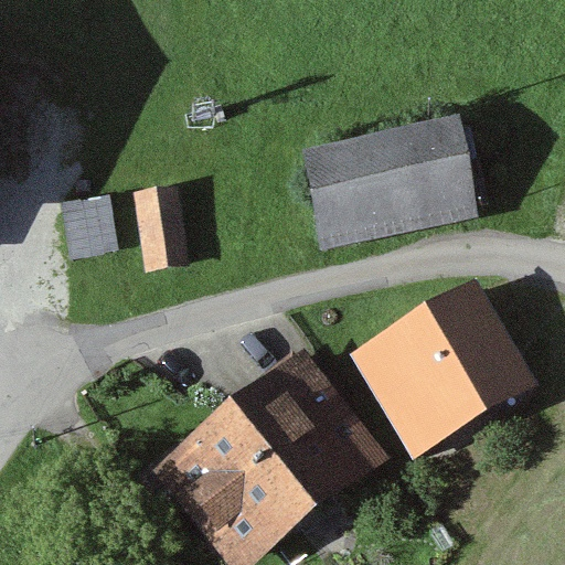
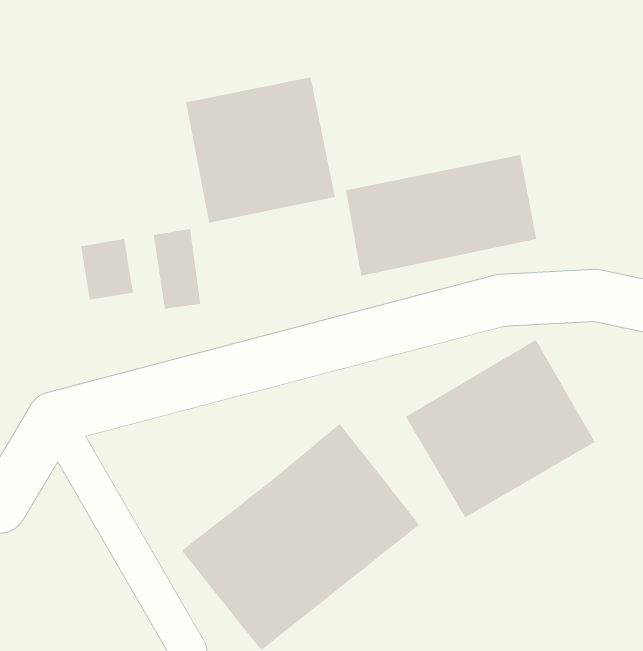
building: none -> [185,76,336,224]

